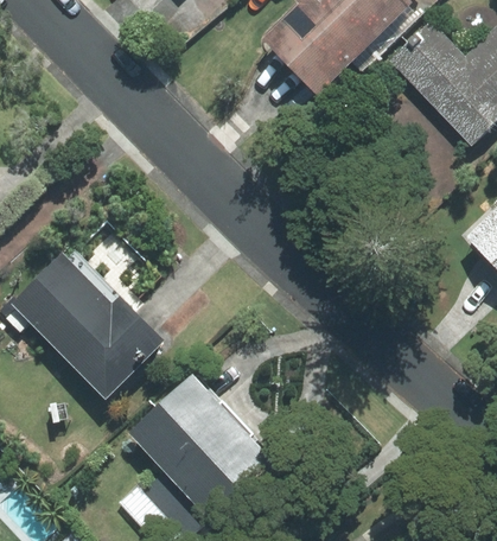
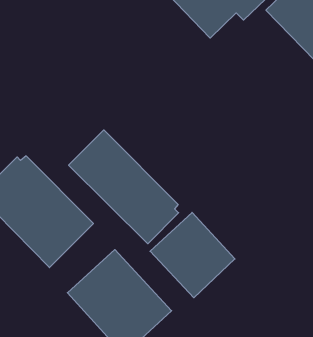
building: none -> [69,130,179,244]
building: none -> [150,212,235,298]

